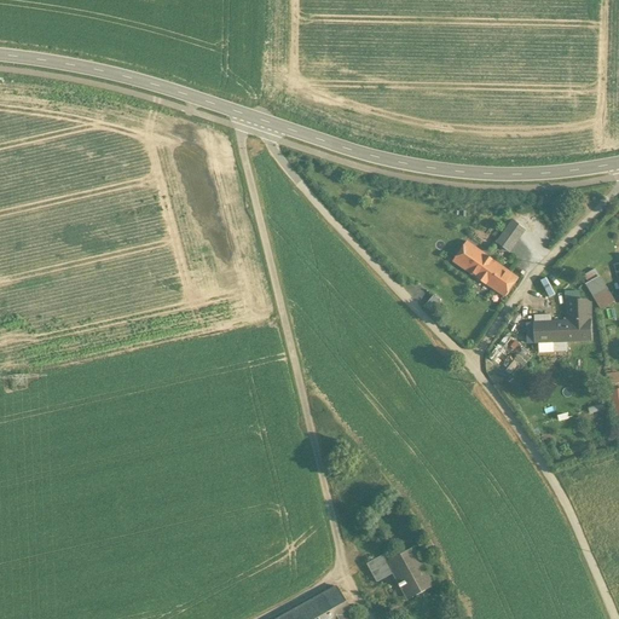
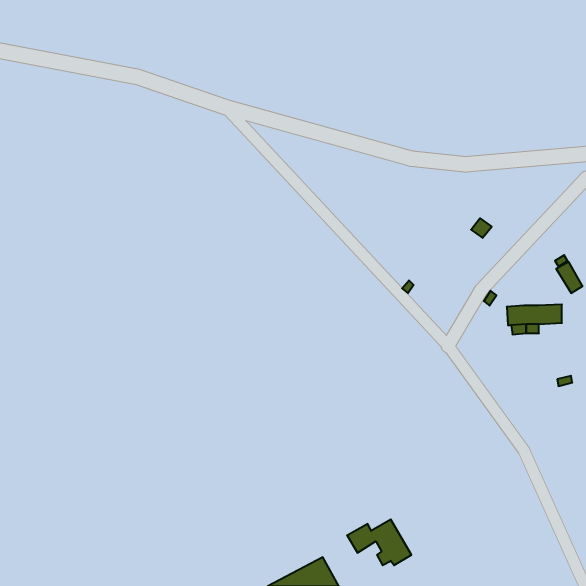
building: [453,242,516,295] -> none
building: [565,299,591,322] -> none

